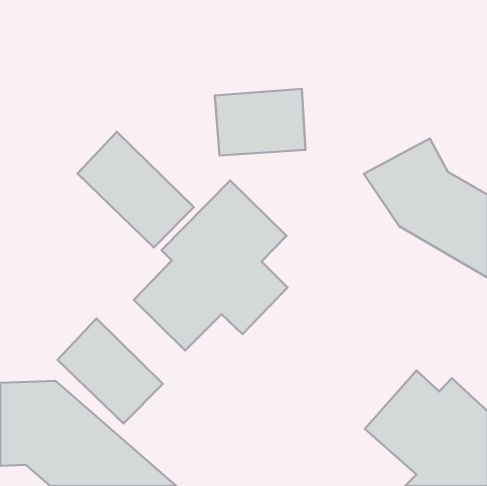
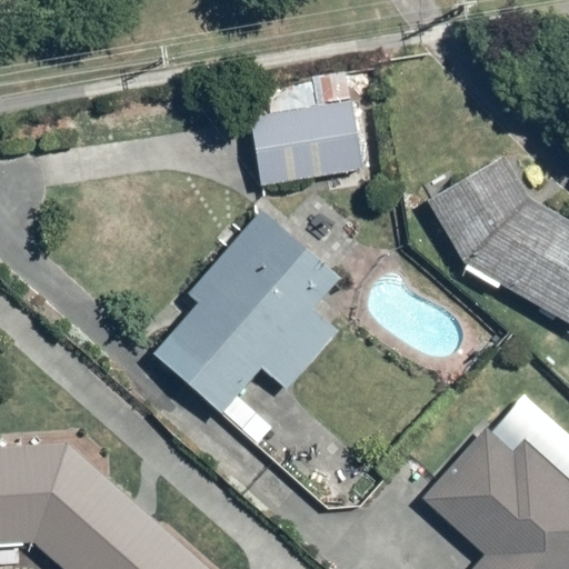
building: [77,132,194,248] -> none
building: [58,319,163,424] -> none

